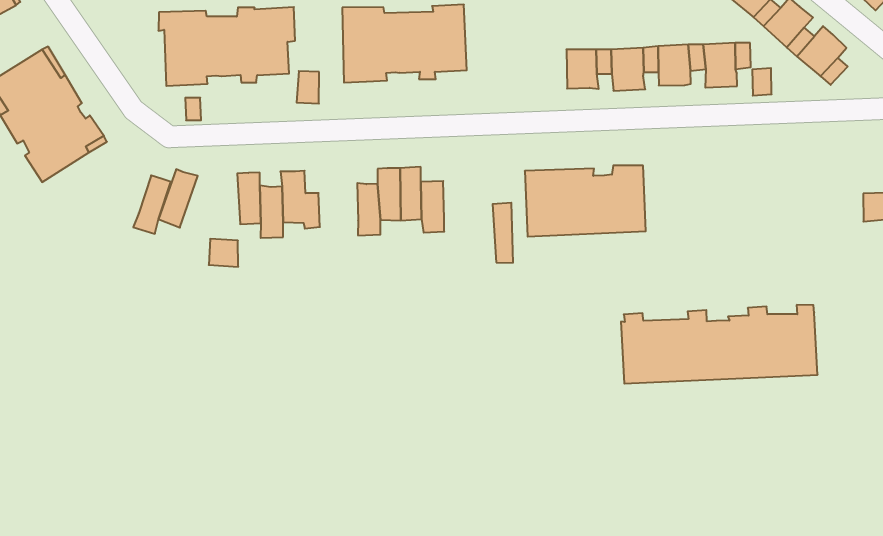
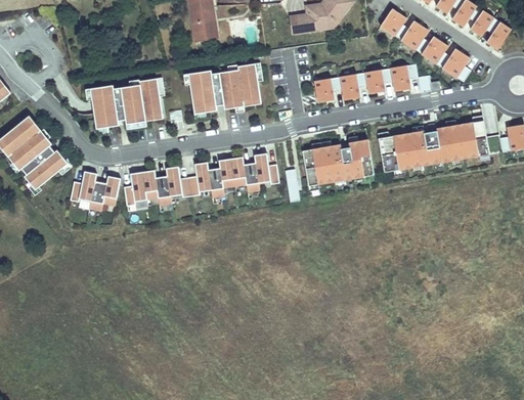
building: none -> [70,170,96,202]
building: none -> [255,152,280,183]
building: none -> [188,162,212,195]
building: none -> [124,172,147,206]
building: [621,305,818,384] -> [375,116,486,172]

